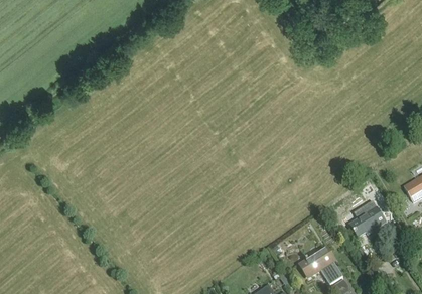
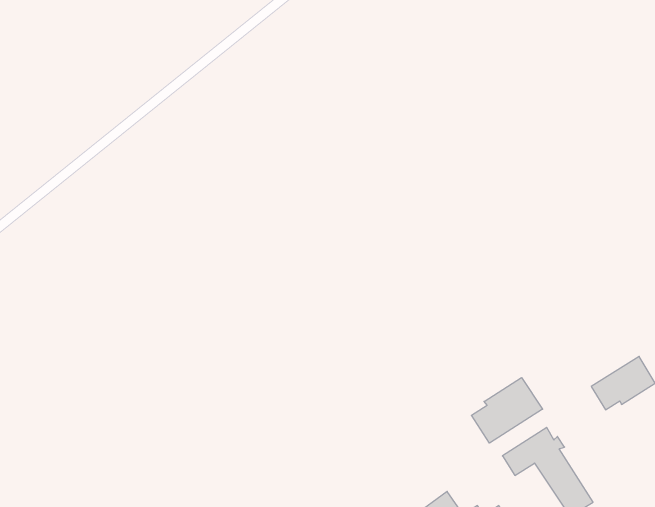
building: none -> [471,378,543,443]

